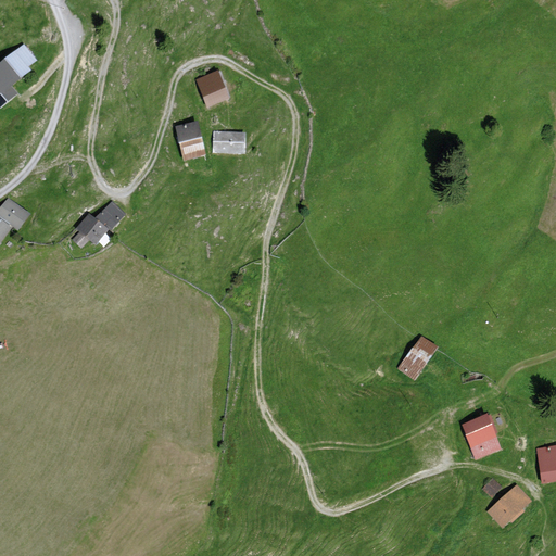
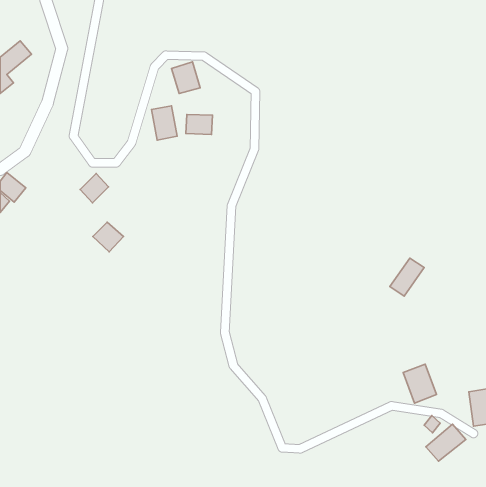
building: [72,216,106,250] -> [93,222,123,252]
building: [399,337,438,380] -> [390,258,424,296]

